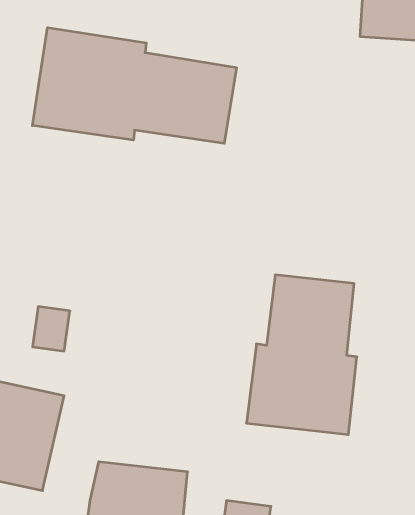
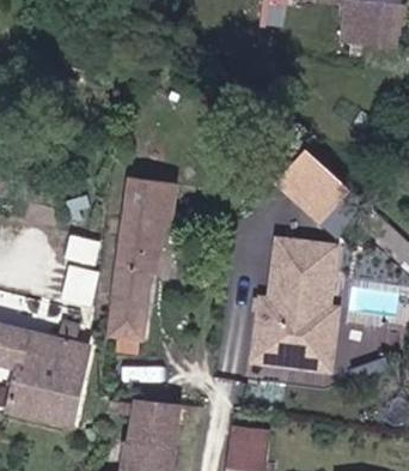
building: [32,28,236,143] -> none
building: none -> [273,151,348,225]
building: none -> [108,186,177,342]

